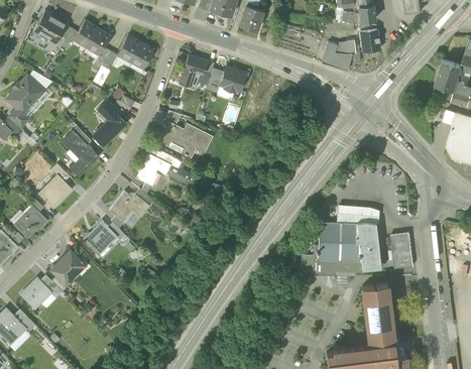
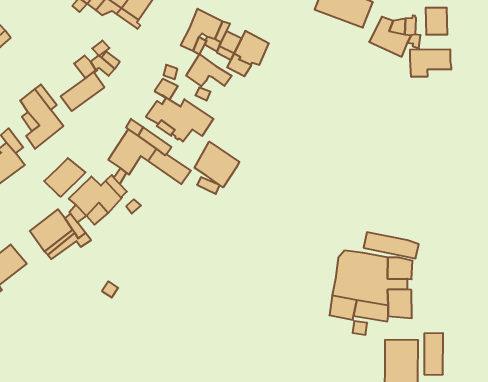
building: none -> [410,49,451,77]
building: none -> [186,54,232,86]
building: none -> [195,142,239,187]
building: none -> [44,158,86,197]
building: [392,233,410,266] -> [424,333,443,375]

